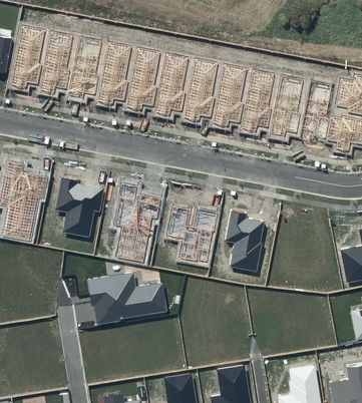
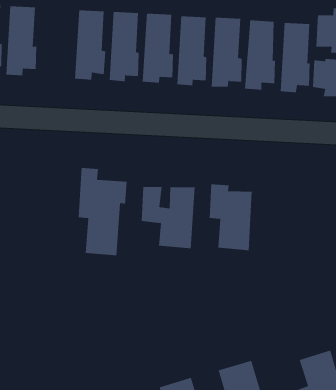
building: [97,42,130,103] -> none
building: [55,177,104,237] -> none
building: [88,272,167,325] -> none

